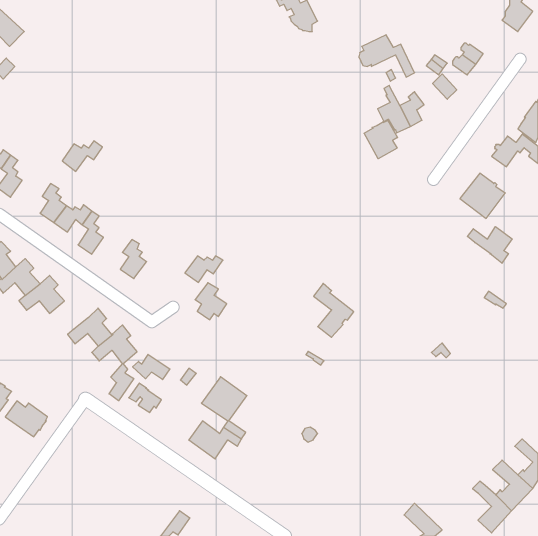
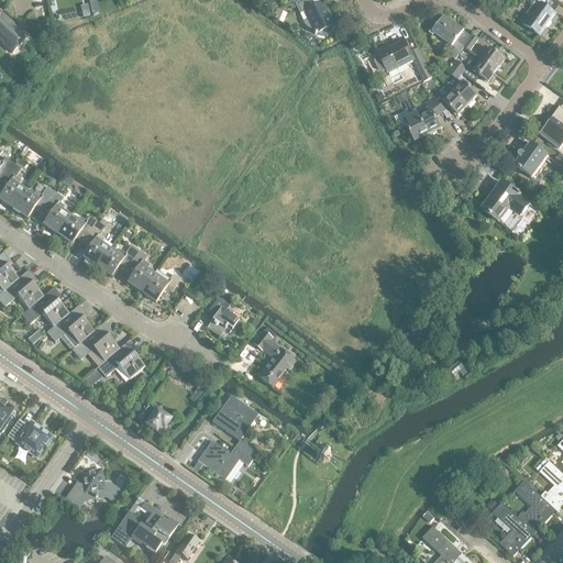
building: none -> [433,13,477,47]
building: none -> [432,87,466,113]
building: [364,120,398,159] -> none
building: [62,141,102,171] -> [11,185,53,217]
building: [467,227,512,263] -> none
building: none -> [96,243,137,275]
building: [185,256,223,282] -> [140,273,179,300]
building: [314,283,354,337] -> [252,329,294,385]
building: none -> [44,305,92,343]
building: [133,354,170,380] -> none
building: [109,364,134,401] -> none
building: none -> [64,468,119,507]
building: none -> [115,500,177,552]

